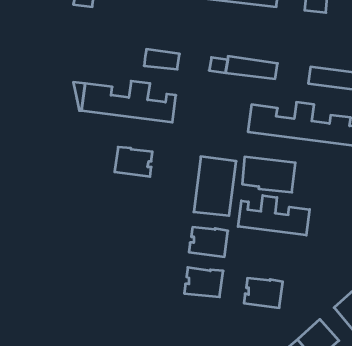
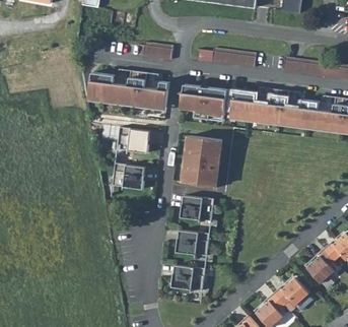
building: [242,157,295,192] -> [182,85,227,116]
building: none -> [112,164,144,190]
building: [238,195,310,235] -> none
building: [244,278,283,308] -> [172,267,206,292]

